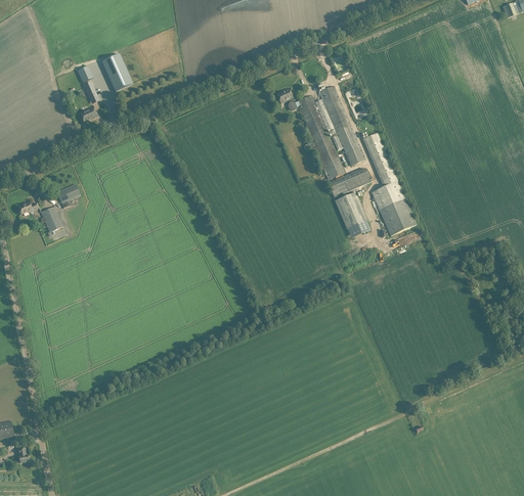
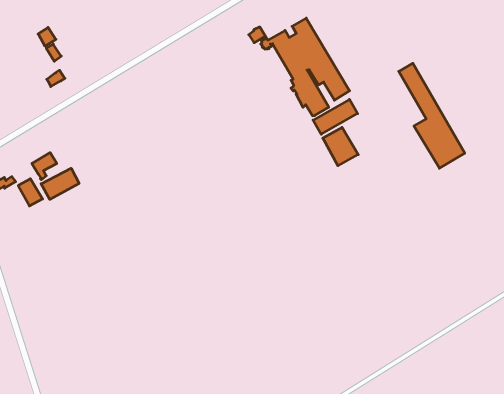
building: [101,54,132,92] -> none
building: [362,133,416,235] -> [399,63,465,168]
building: none -> [41,168,79,199]

